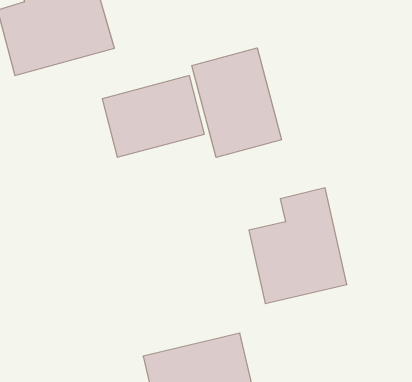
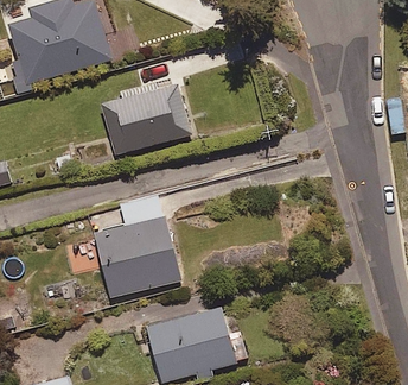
building: [192,48,282,157] -> none
building: [249,188,347,304] -> [95,196,180,297]

